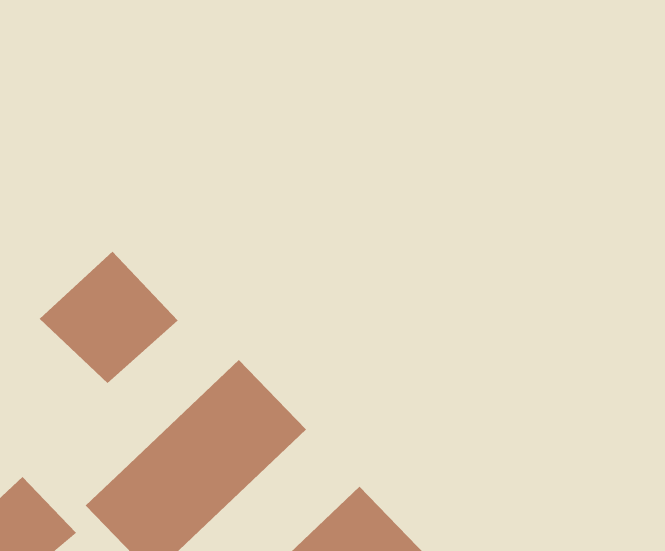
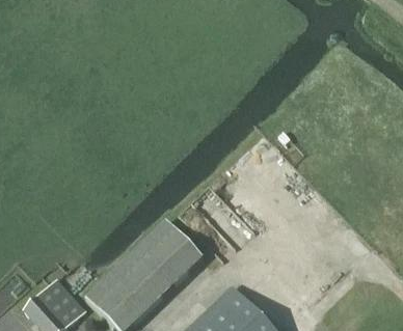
building: [39,251,179,384] -> none

